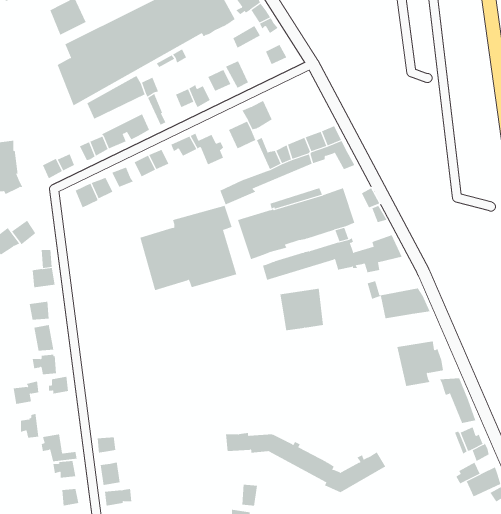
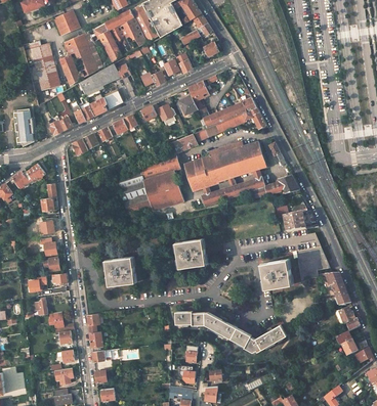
building: none -> [28,42,59,92]
building: [280,288,324,331] -> [175,238,206,268]
building: none -> [106,257,135,285]
building: none -> [260,258,292,288]

